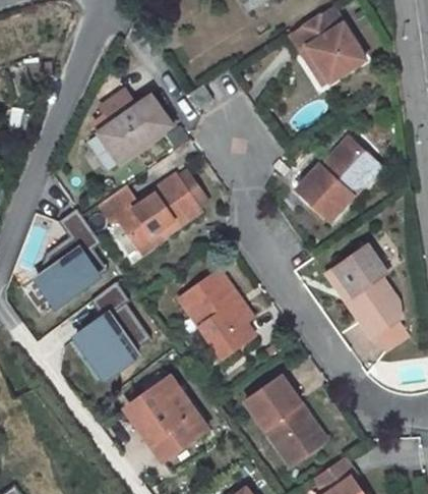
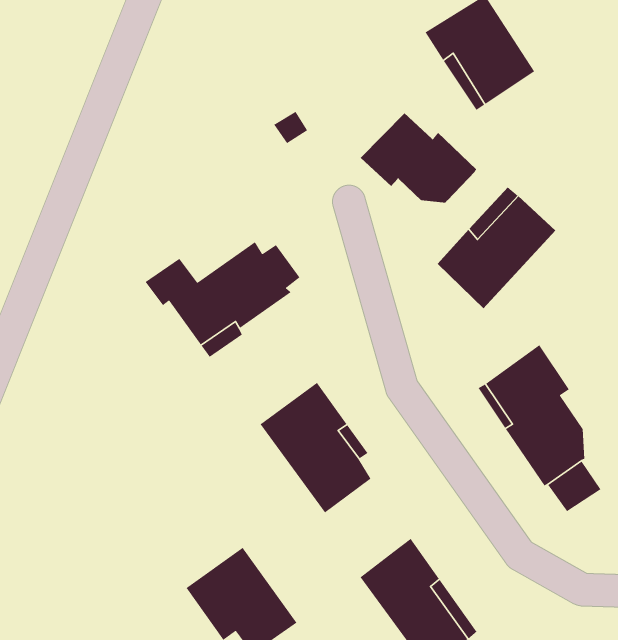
building: none -> [360,112,477,204]
building: [96,92,167,164] -> none
building: [32,209,103,307] -> none
building: [73,280,149,372] -> none

